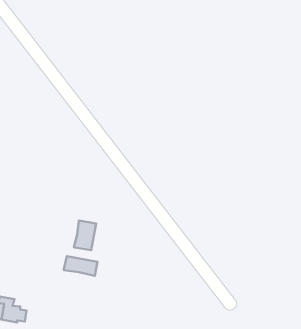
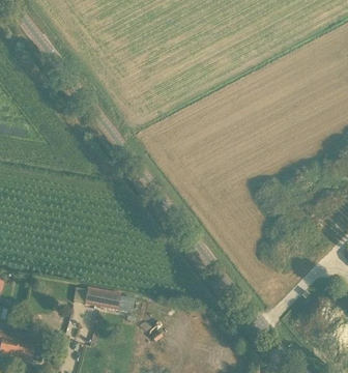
building: [74,221,96,250] -> none

